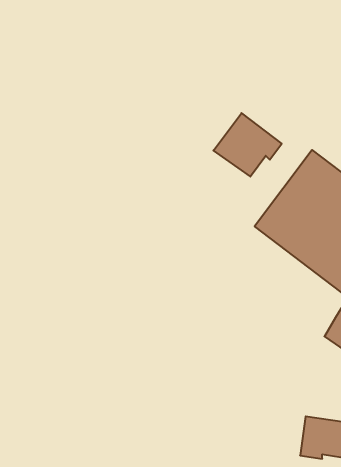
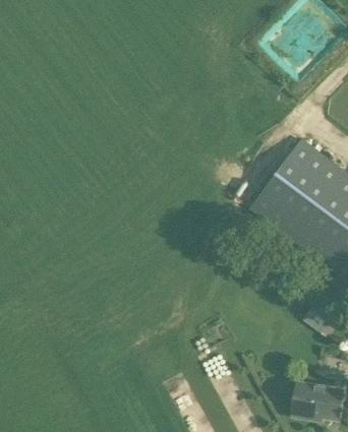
building: [213,113,282,177] -> none

